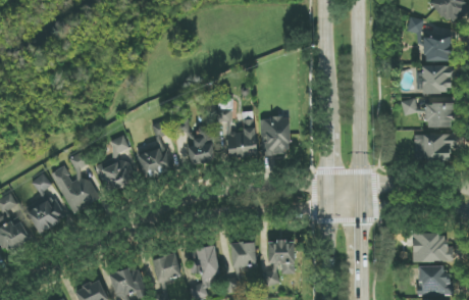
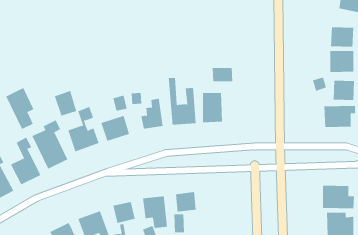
building: none -> [212,67,233,82]
building: none -> [5,87,34,130]
building: none -> [54,90,77,117]
building: [265,240,295,283] -> none

